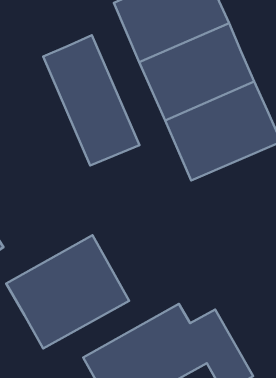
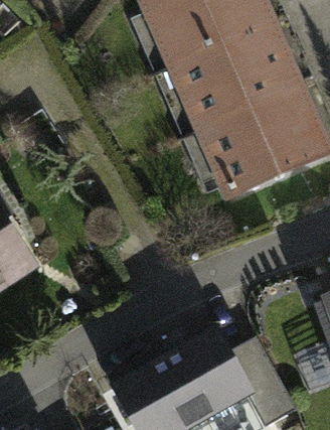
building: [43,35,140,166] -> none
building: [6,235,129,349] -> none

